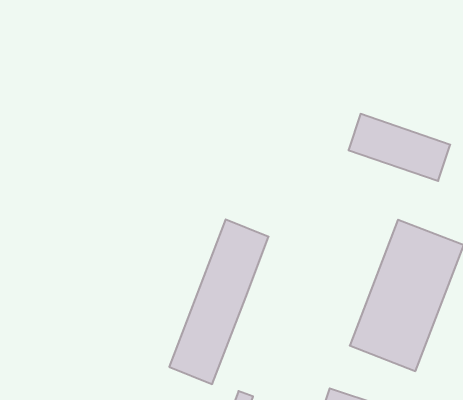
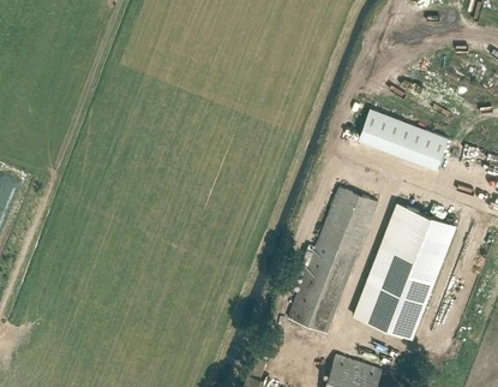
building: [169,219,269,384] -> [288,186,377,334]

